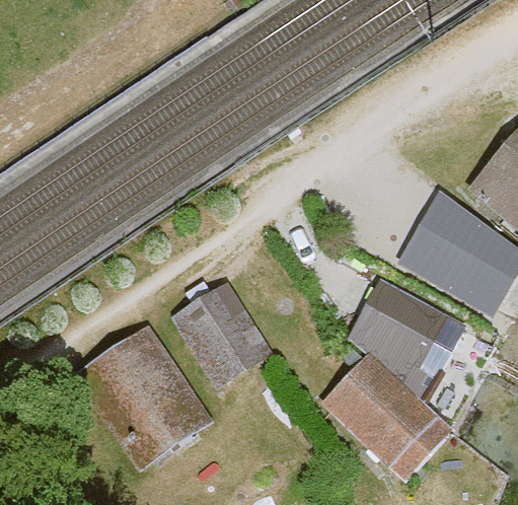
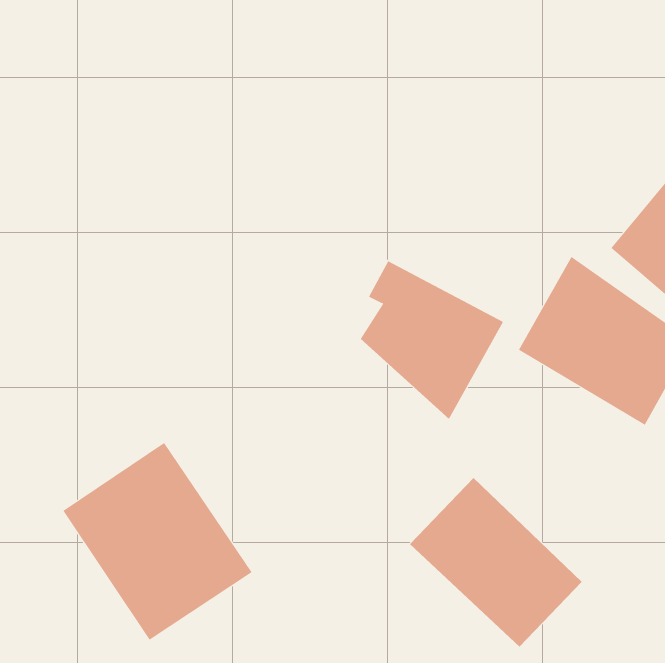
building: [172,281,272,387] -> none
building: [361,281,465,396] -> [360,260,504,420]

